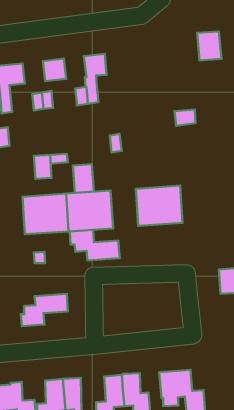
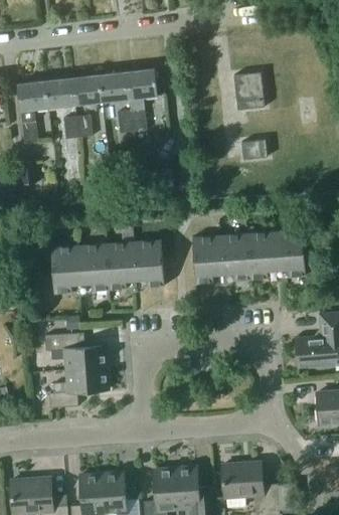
building: [197,31,221,60] -> [233,71,264,108]
building: none -> [103,71,131,100]
building: none -> [51,77,79,106]
building: [34,155,51,179] -> none
building: [73,164,94,193] -> none
building: none -> [247,228,305,279]
building: [70,230,120,261] -> [44,332,107,370]

